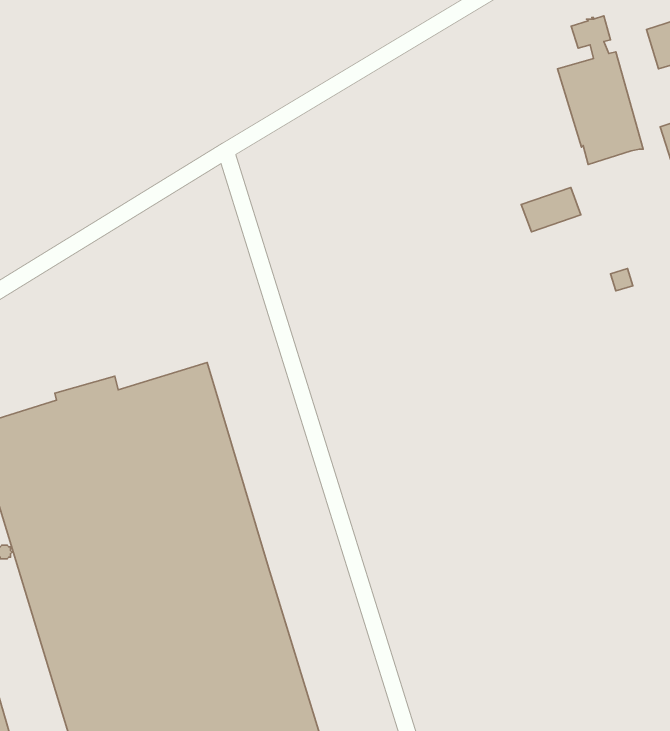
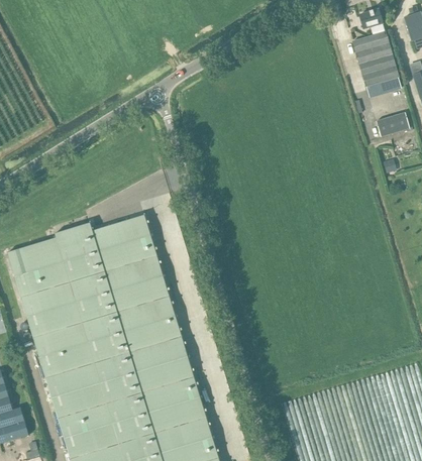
building: [521,187,581,232] -> [373,112,408,138]

